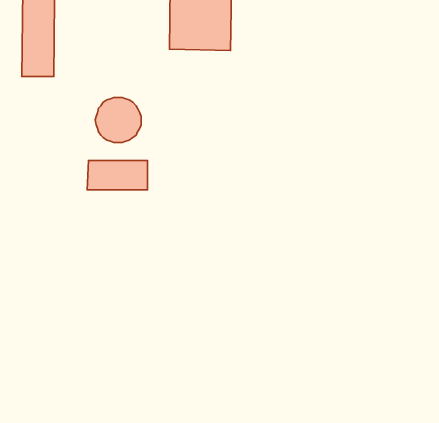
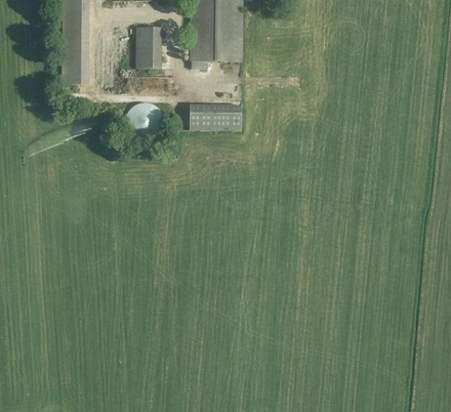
building: none -> [137,27,163,68]
building: [87,160,147,190] -> [191,105,243,130]

